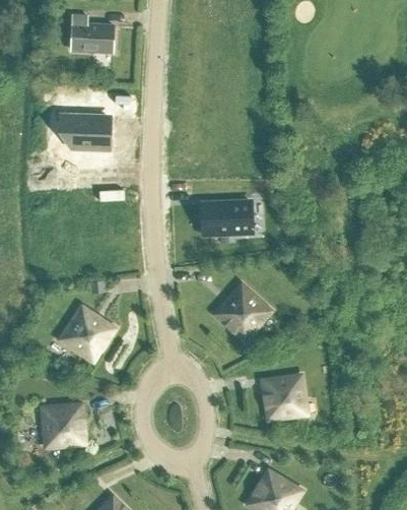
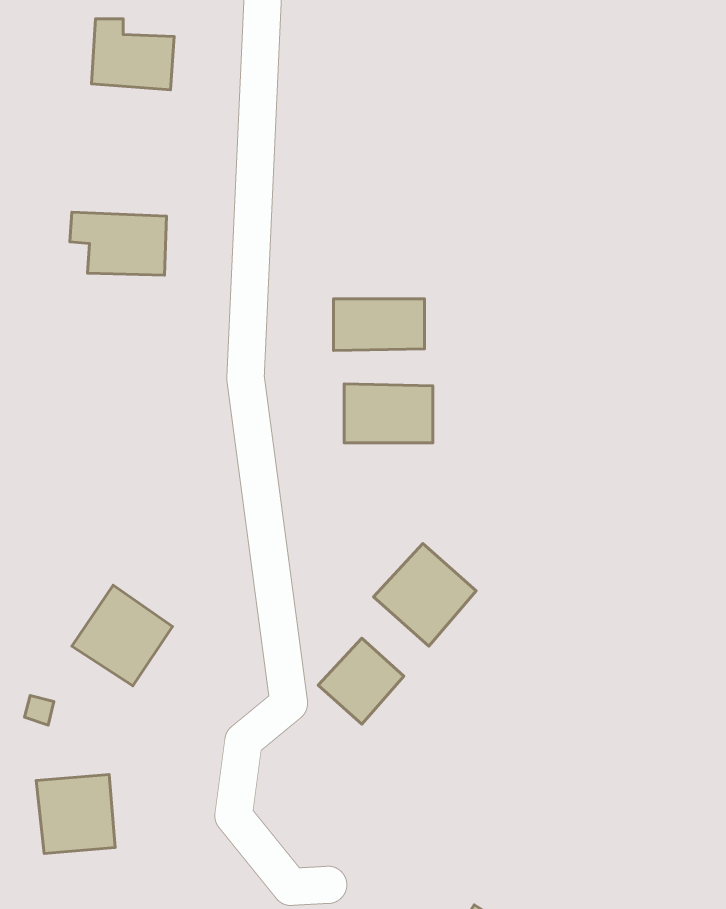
building: none -> [333,299,424,351]
building: none -> [318,638,404,724]
building: [262,375,304,417] -> none

